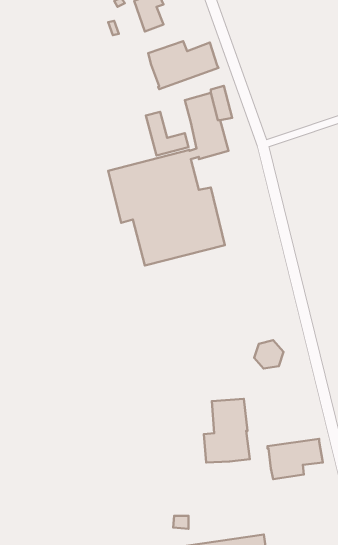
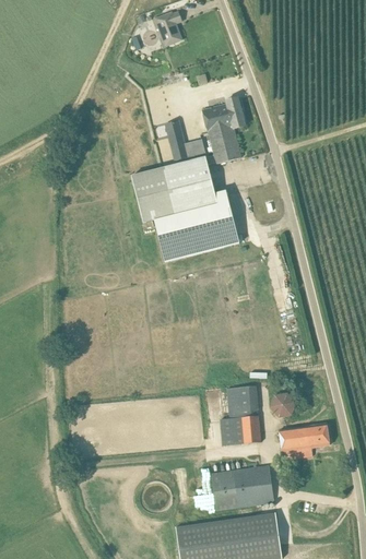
building: [148,41,218,89] -> none
building: [254,340,284,369] -> [270,392,297,418]
building: none -> [211,465,274,511]

